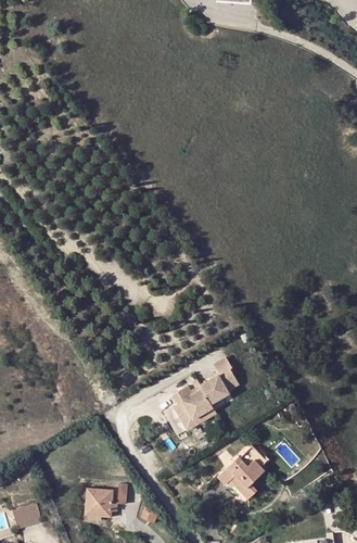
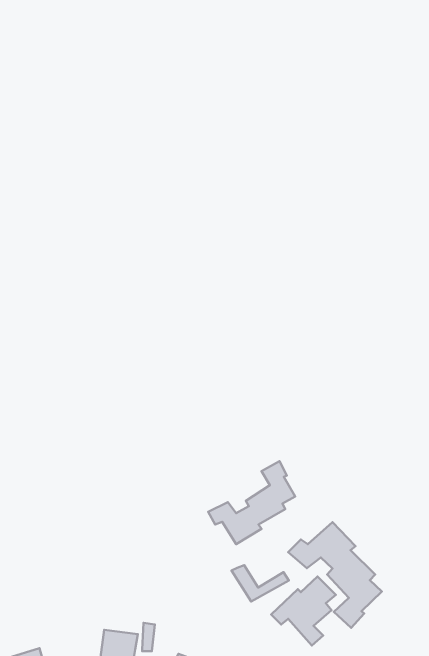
building: [168,405,213,433] -> [231,565,289,602]
building: none -> [288,522,382,628]

